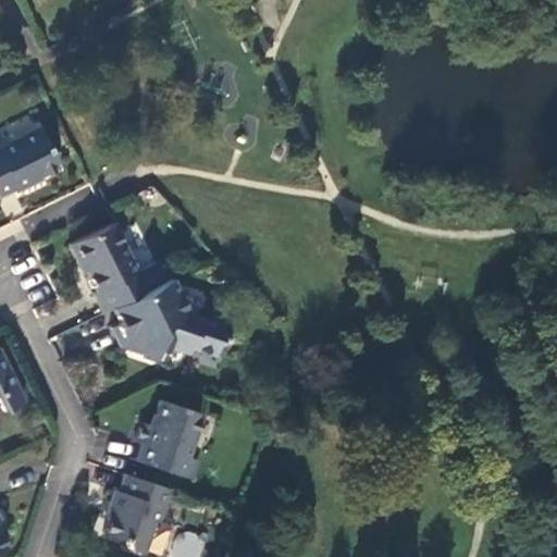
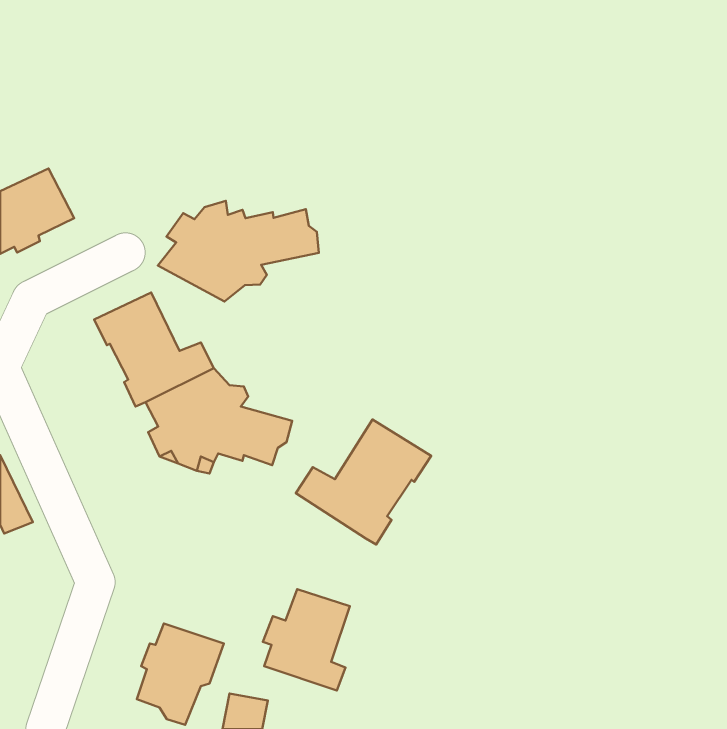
building: none -> [158,201,319,301]
building: none -> [296,419,431,544]
building: [135,401,201,479] -> [263,589,350,690]

